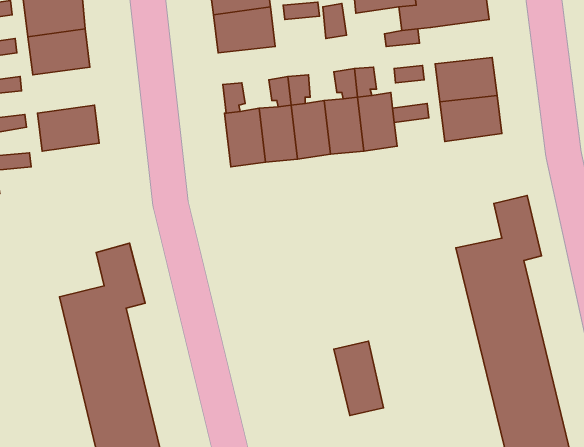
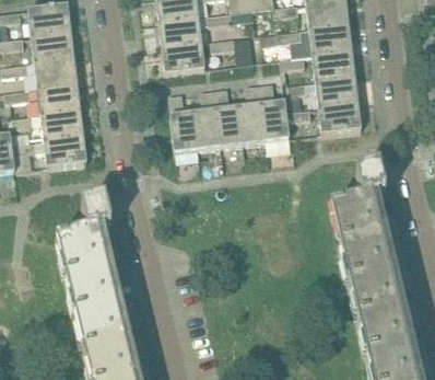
building: none -> [314,48,356,79]
building: none -> [39,81,82,113]
building: none -> [46,134,89,165]
building: [334,341,383,416] -> none

